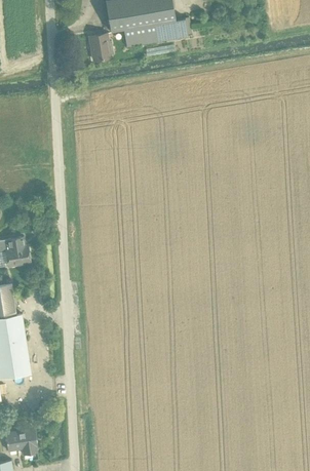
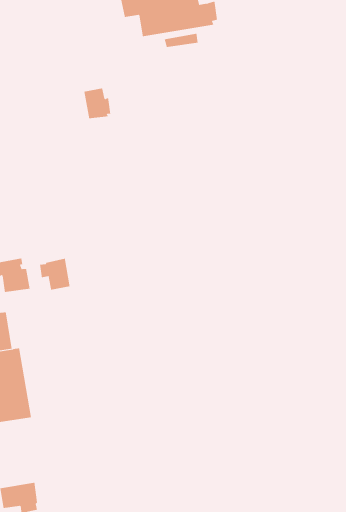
building: [89,32,113,58] -> [84,88,111,119]
building: none -> [40,258,70,290]

